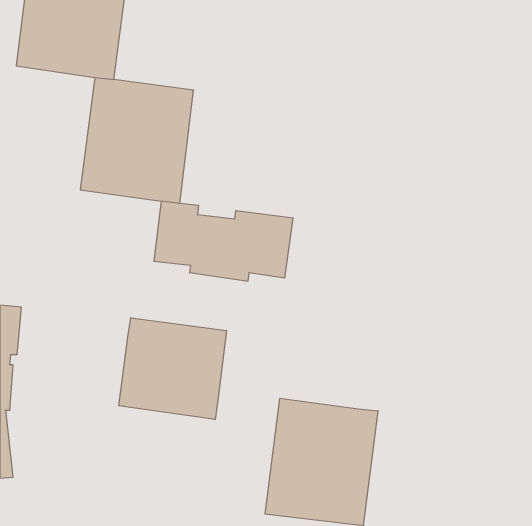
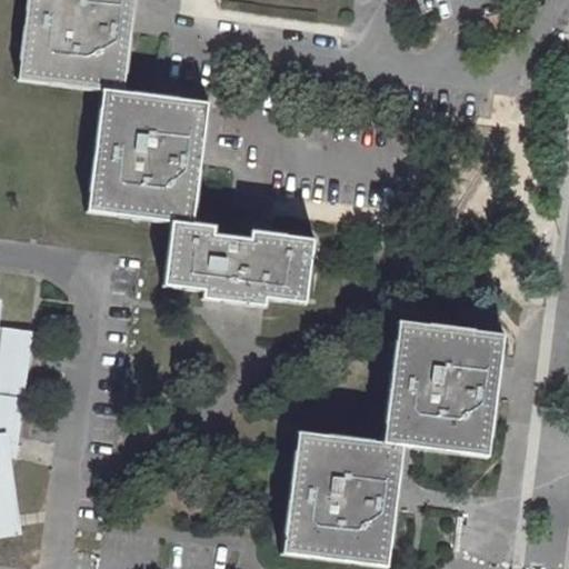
building: none -> [382,320,501,453]
building: [119,318,226,420] -> none

